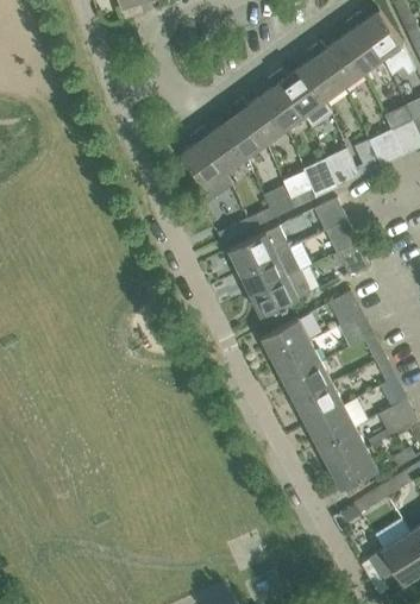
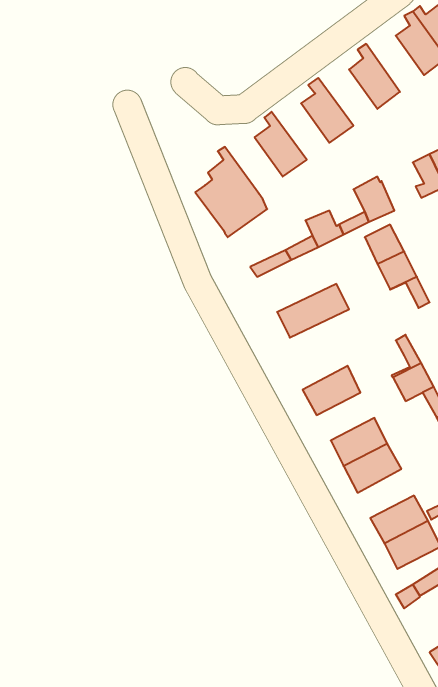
building: [315,39,364,87] -> none
building: [275,68,332,127] -> none
building: [236,96,284,144] -> none
building: [196,125,245,172] -> none
building: [325,149,362,187] -> none
building: [230,225,290,272] -> none
building: [251,270,312,316] -> none
building: [274,340,322,380] -> none
building: [308,404,356,446] -> none

